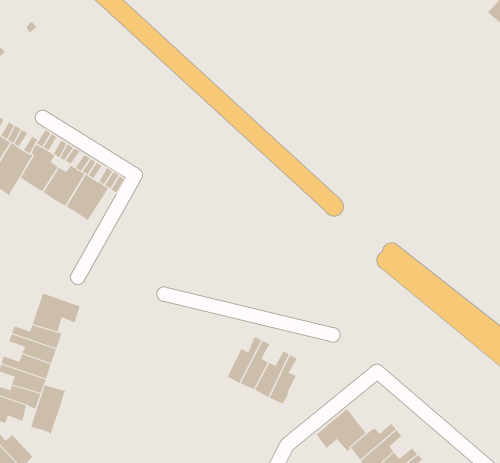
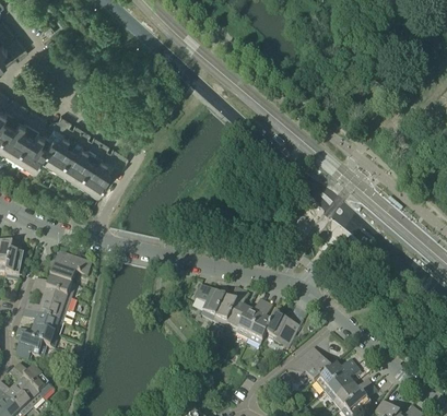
building: none -> [195,283,225,319]
building: none -> [264,311,299,347]
building: [31,384,66,434] -> none

